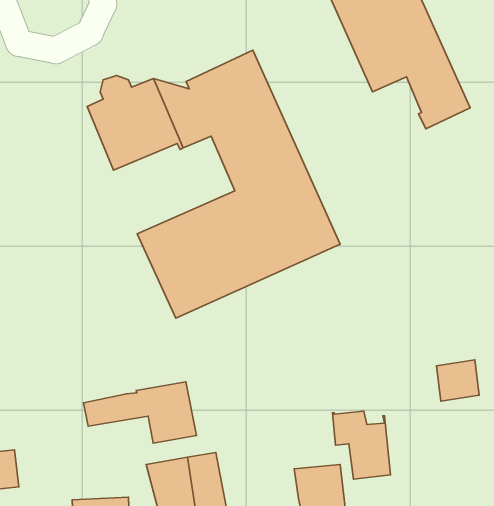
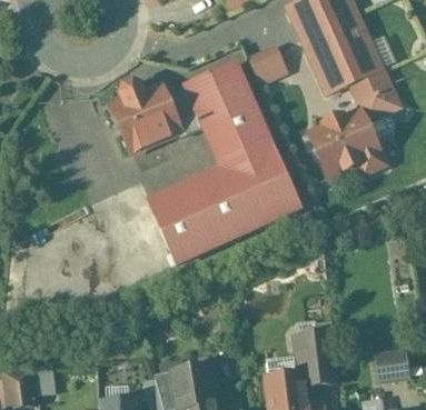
building: none -> [246,43,287,83]
building: none -> [308,110,378,176]
building: [436,360,479,401] -> [375,349,407,380]
building: [83,382,196,443] -> none

